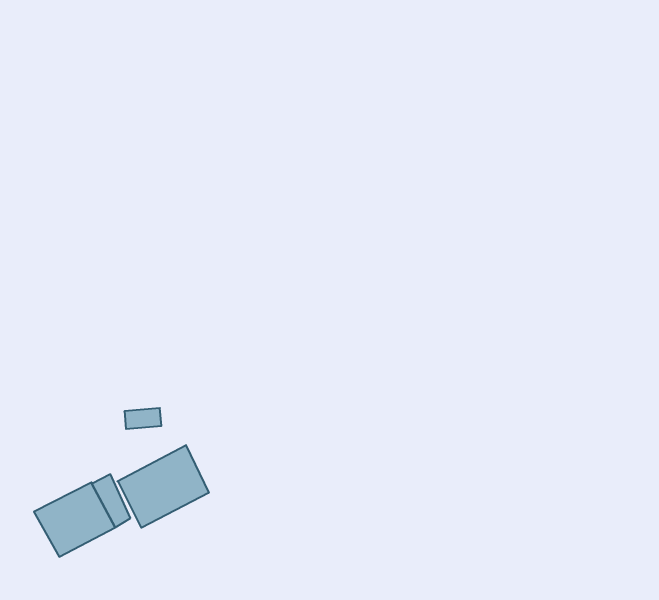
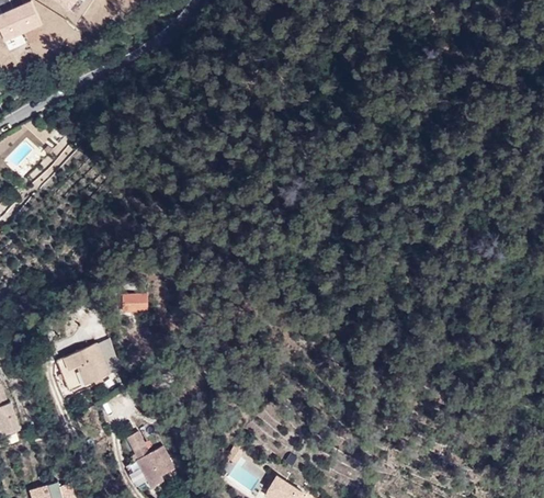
building: [117,445,209,528] -> none

